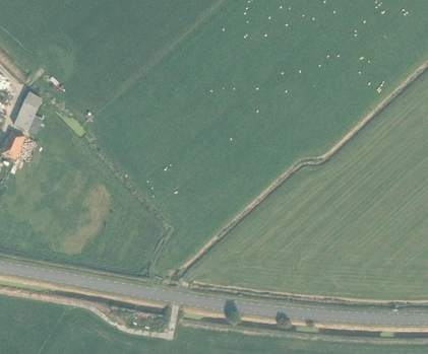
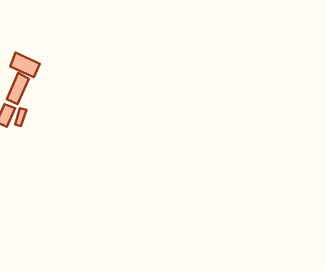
building: none -> [10,53,40,77]

